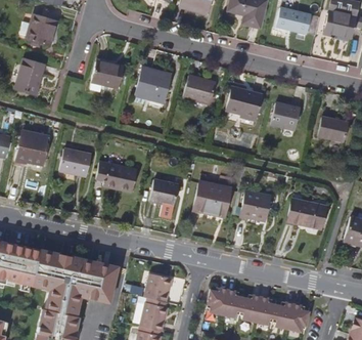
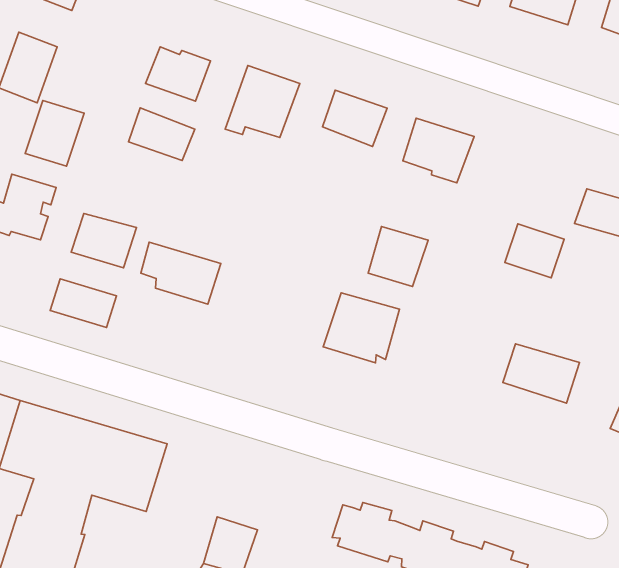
building: none -> [25,100,84,166]
building: none -> [128,108,195,160]
building: [271,102,301,129] -> [505,224,564,278]
building: [150,179,180,206] -> none
building: none -> [50,279,116,328]
building: [241,190,271,220] -> [368,227,428,286]
building: [144,272,171,301] -> none

